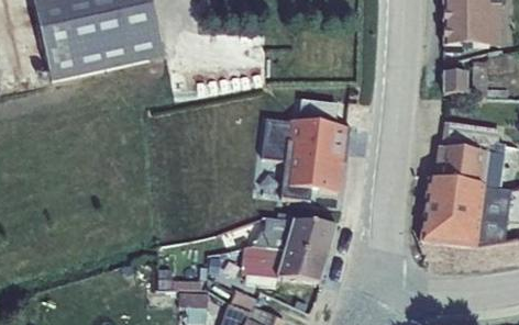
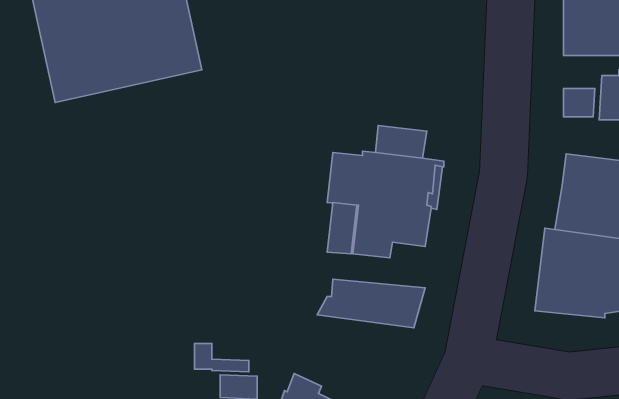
building: [240,244,328,284] -> none

